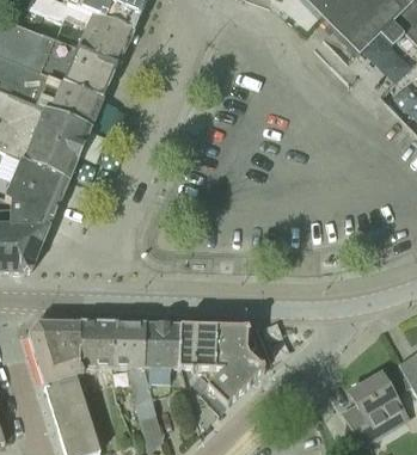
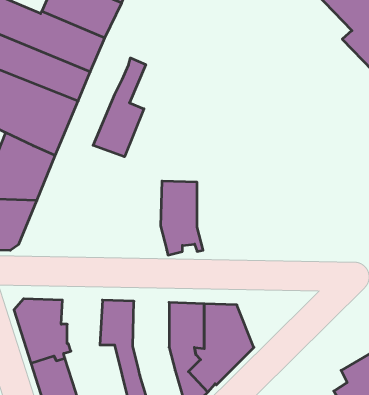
building: none -> [93,58,146,157]
building: [74,321,115,367] -> none
building: [145,324,186,396] -> [161,181,203,255]

